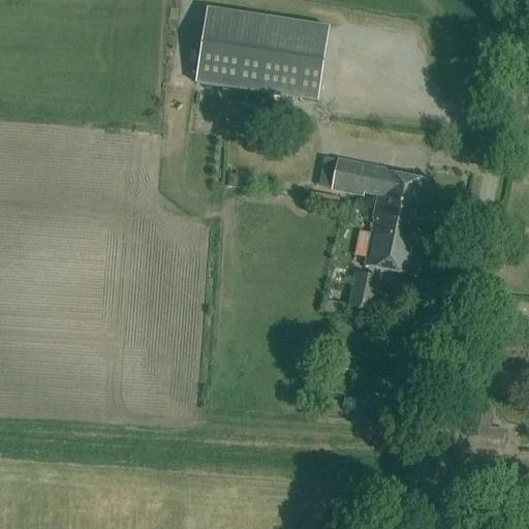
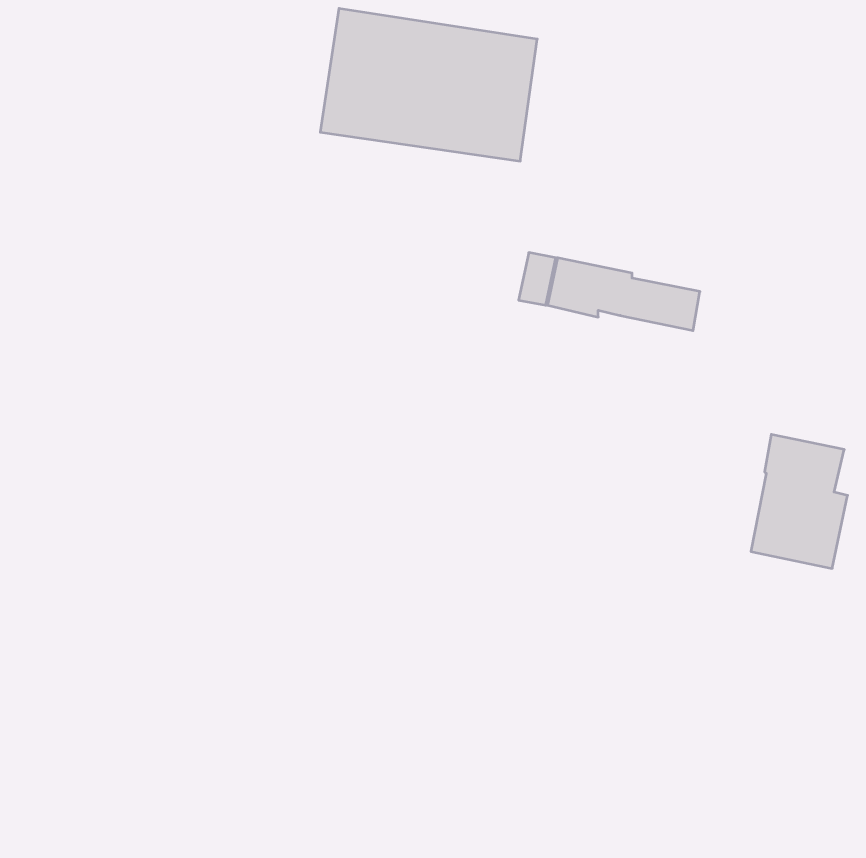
building: [366,192,425,274] -> [751,434,848,568]
building: [347,270,379,310] -> none

